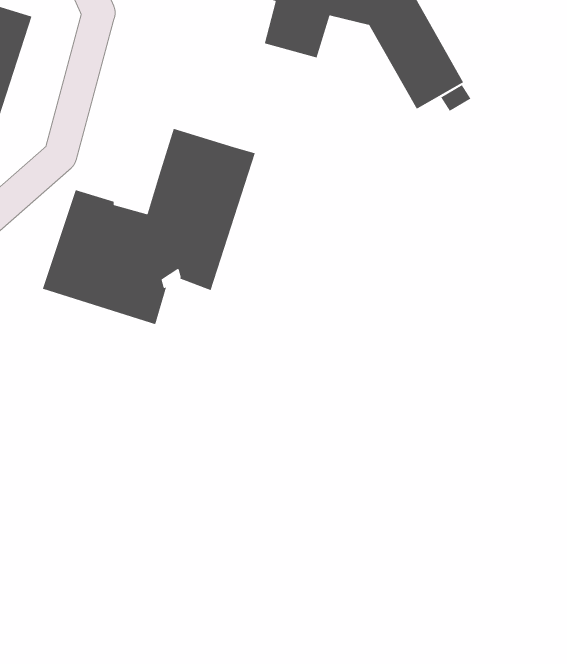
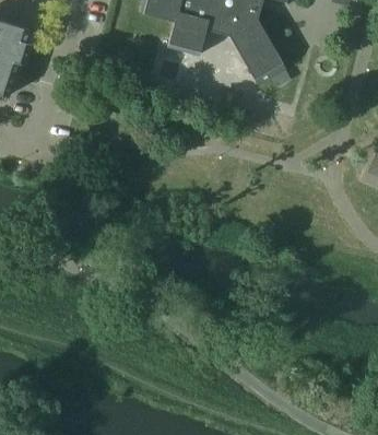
building: [42,128,256,325] -> none

